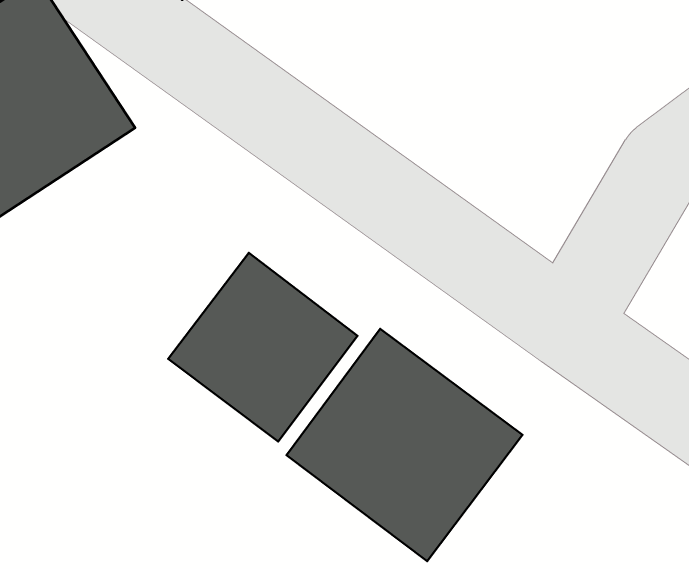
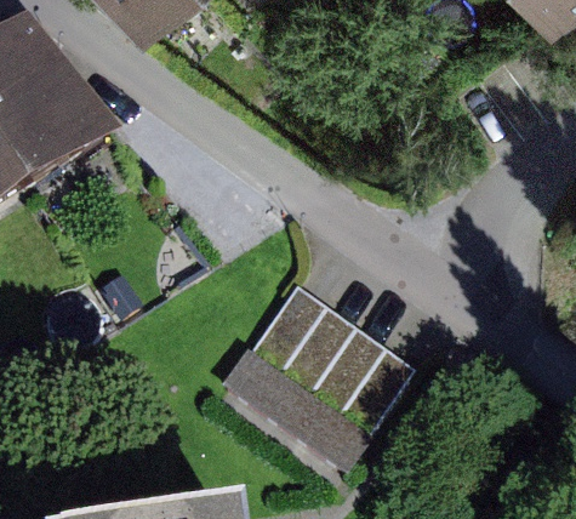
building: [168,253,357,441] -> none

